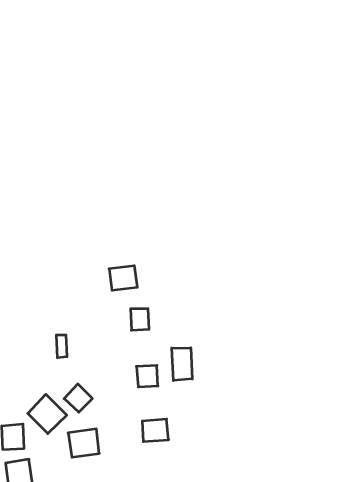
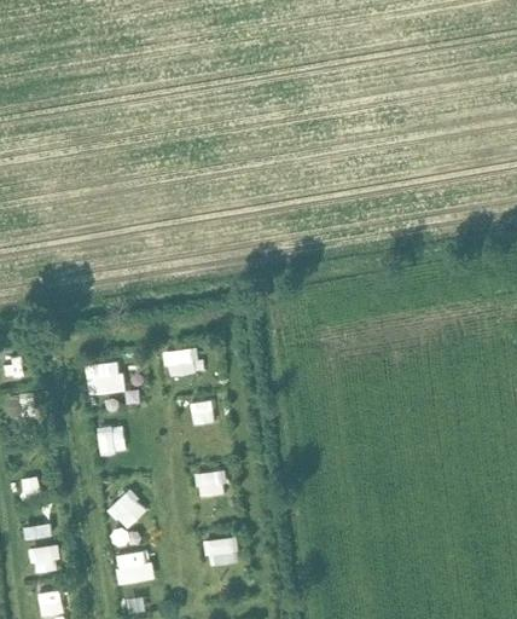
building: none -> [85,360,121,394]
building: [172,348,192,381] -> none
building: [28,394,67,434] -> none

